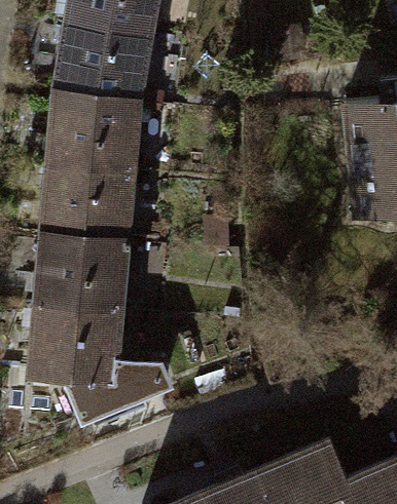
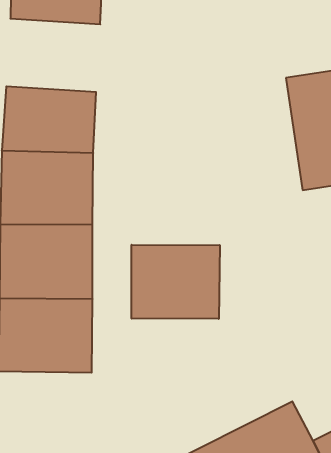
building: [52,23,154,105] -> none
building: none -> [132,245,220,319]

